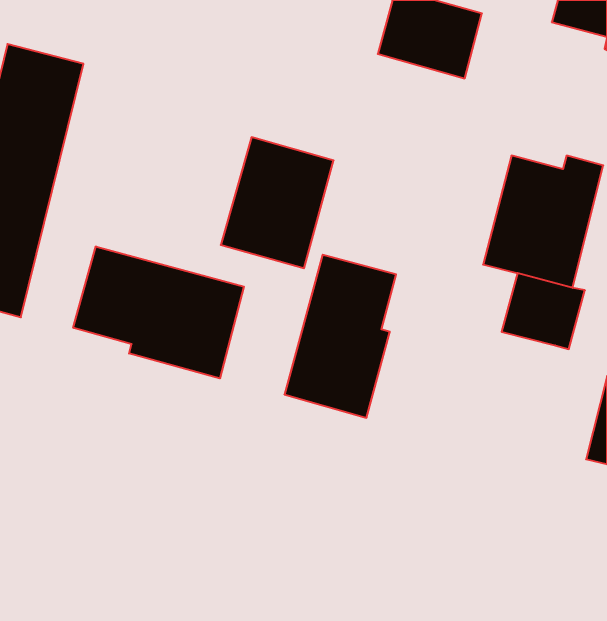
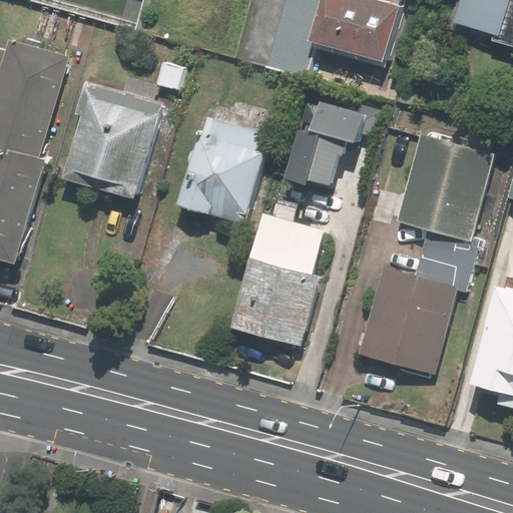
building: none -> [64,58,180,198]
building: none -> [284,97,371,189]
building: [73,246,244,378] -> none
building: none -> [360,269,454,372]

